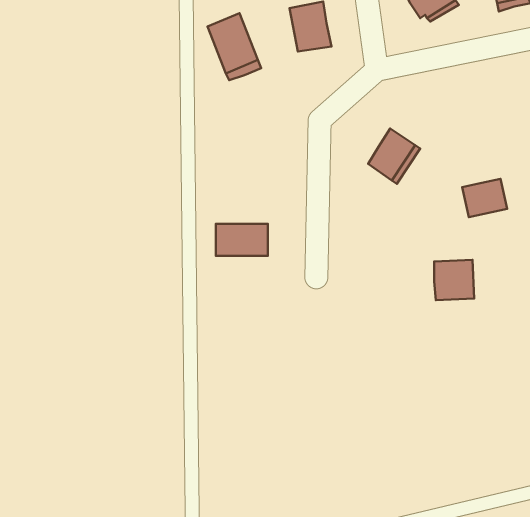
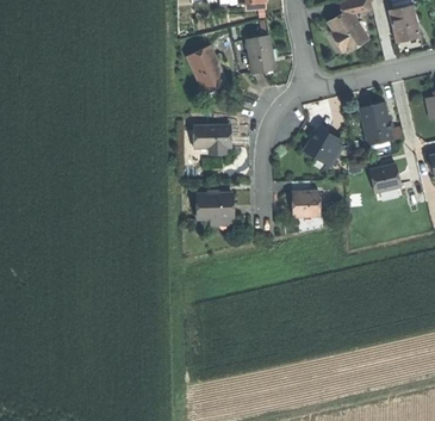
building: none -> [359,104,391,146]
building: none -> [204,125,231,151]
building: [434,260,474,300] -> [291,188,319,217]

